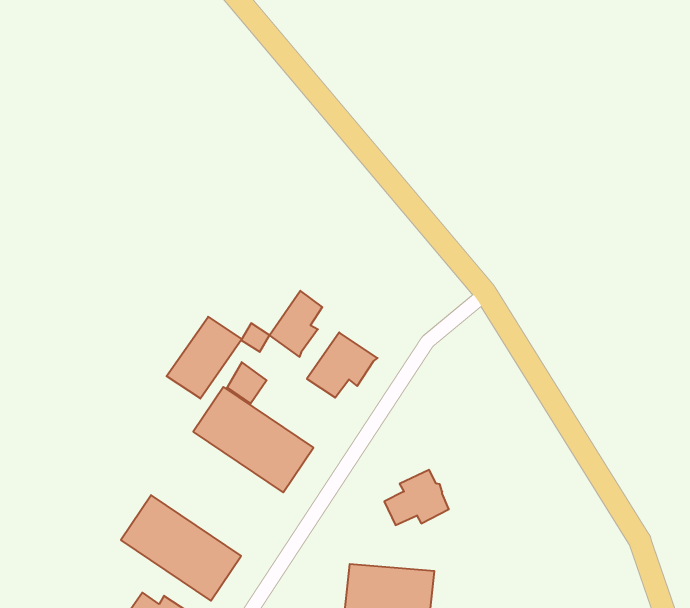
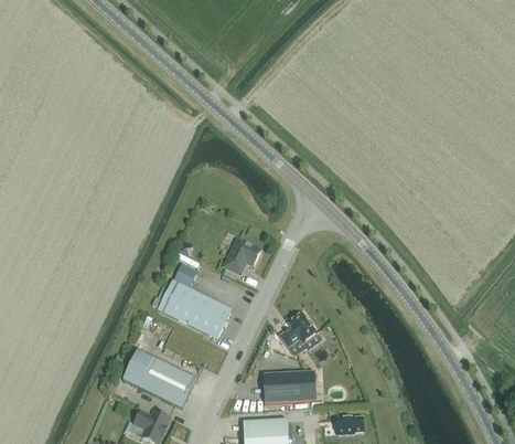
building: [269,291,322,357] -> none
building: [167,317,242,399] -> none

